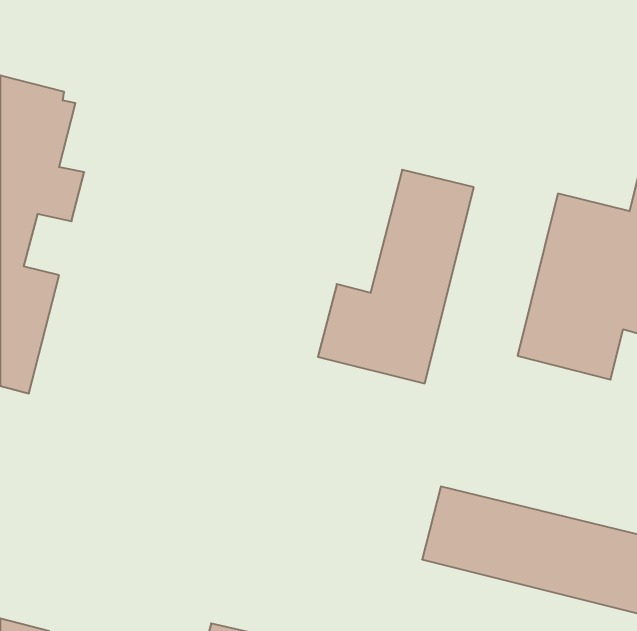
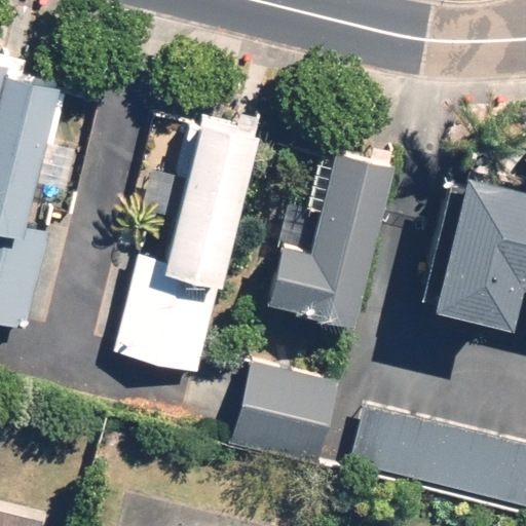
building: none -> [116,120,255,374]
building: none -> [230,364,339,468]

